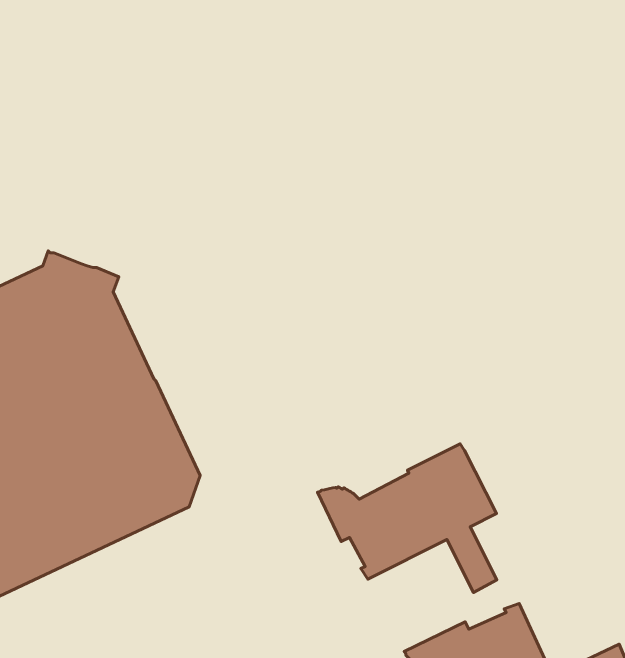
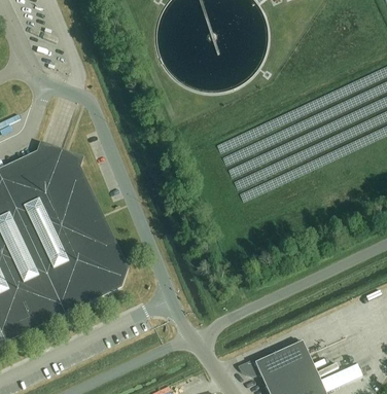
building: [317,444,497,593] -> none

